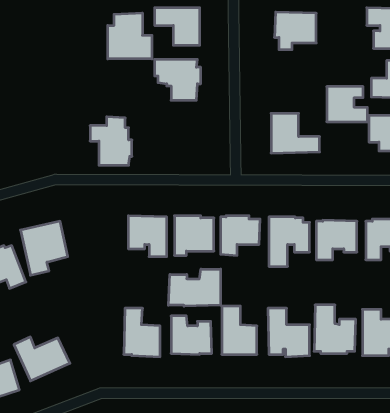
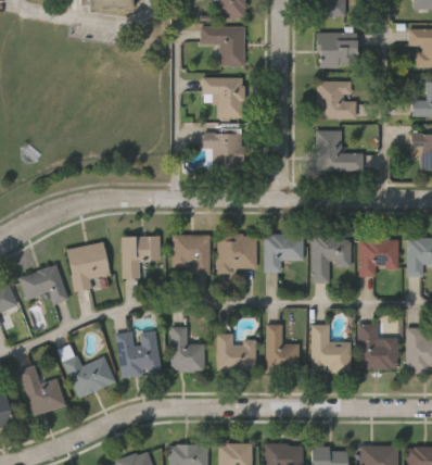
building: [108,13,152,59] -> none
building: [327,87,367,122] -> [316,83,356,117]
building: [90,117,132,165] -> [202,125,243,173]
building: none -> [120,232,163,277]
building: [168,269,221,306] -> none
building: none -> [113,329,162,377]

